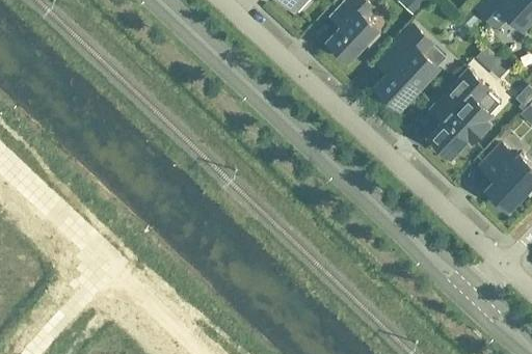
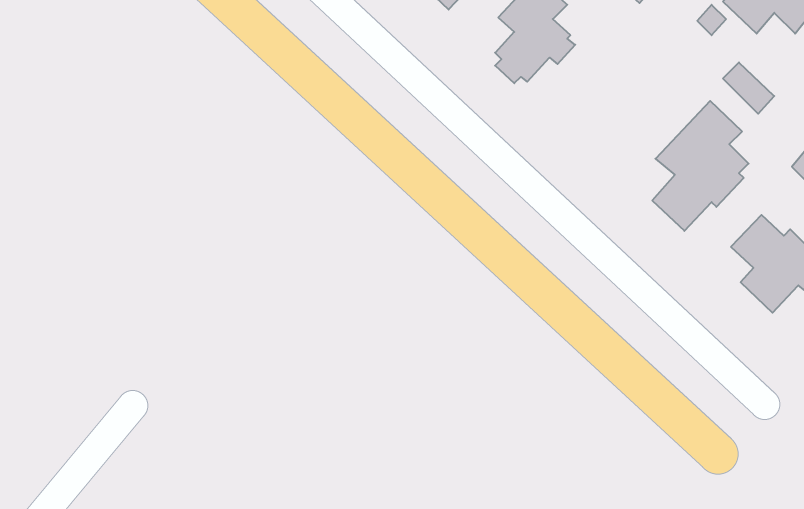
building: [376,28,437,108] -> none

